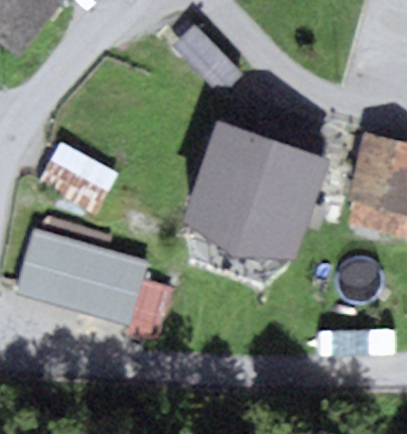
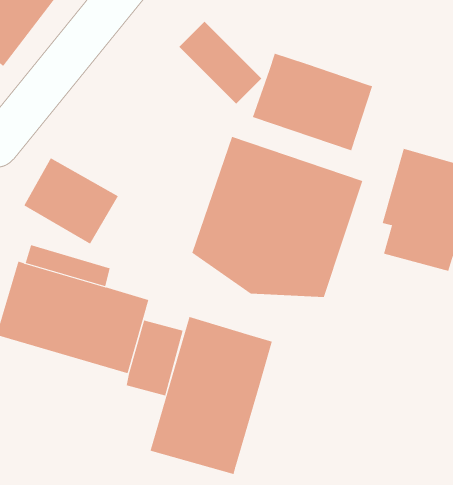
building: none -> [252,53,373,151]
building: none -> [150,316,273,475]

